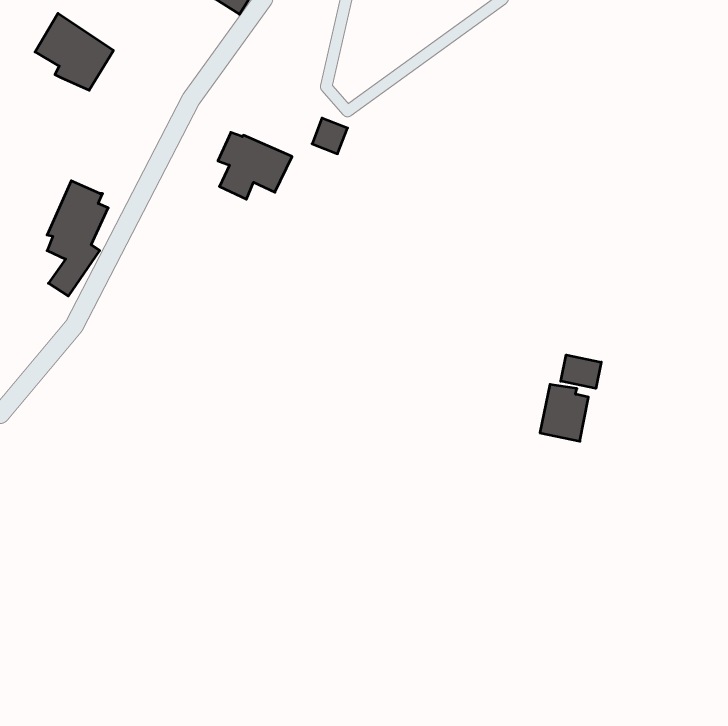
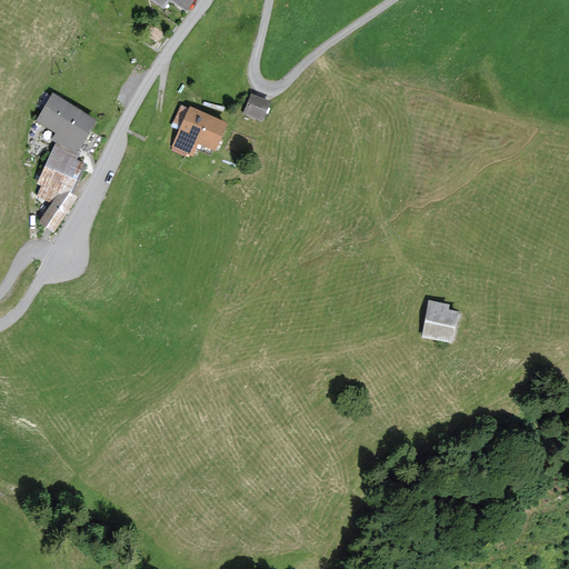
building: [35,13,113,90] -> [36,91,97,151]
building: [561,355,601,388] -> none

